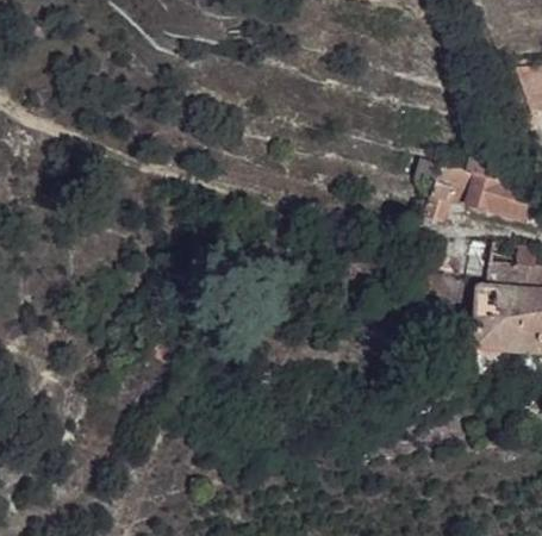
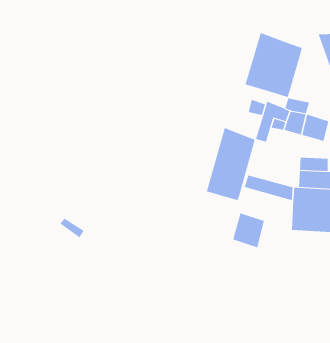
building: none -> [245,32,303,98]
building: none -> [206,127,255,201]
building: none -> [232,212,264,248]

